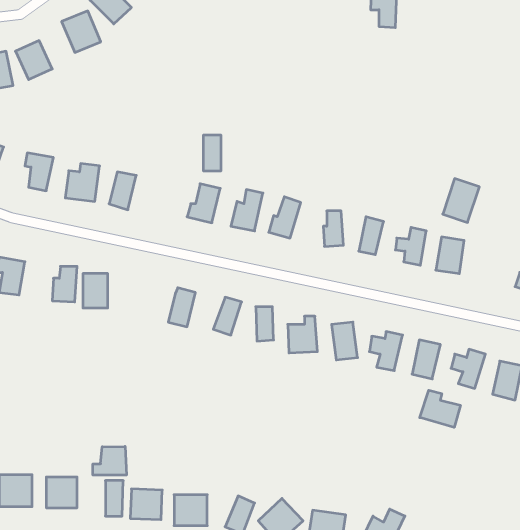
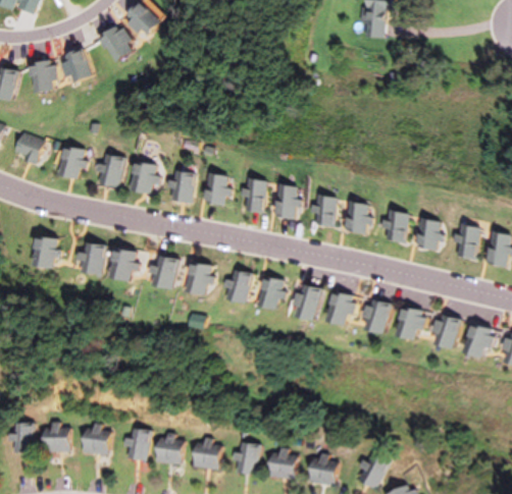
building: [203,135,221,171] -> [177,172,193,203]
building: [443,179,479,222] -> [451,223,482,261]
building: none -> [157,257,177,289]
building: [420,390,460,427] -> none
building: [93,446,126,475] -> none

